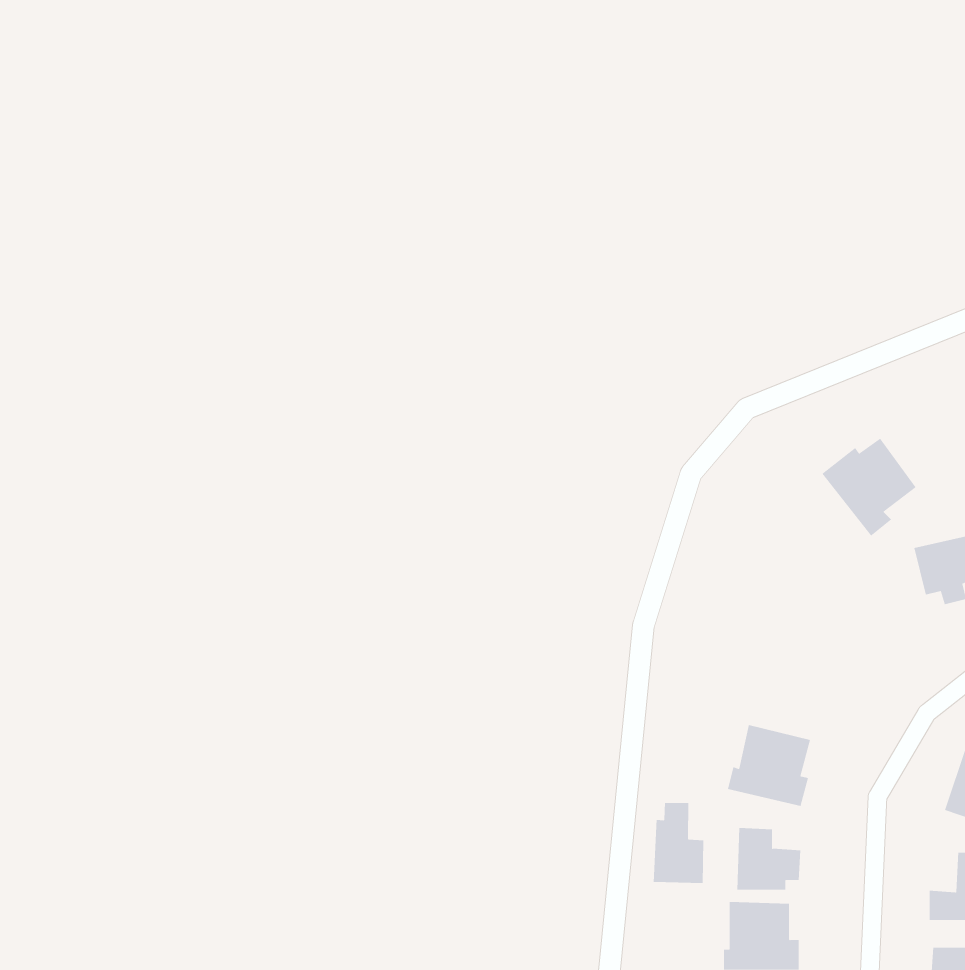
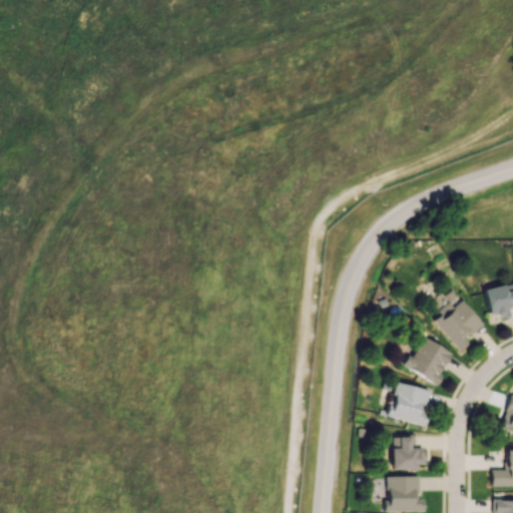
building: [821,438,917,537] -> [434,300,484,352]
building: none -> [406,337,453,386]
building: [653,802,704,884] -> none

